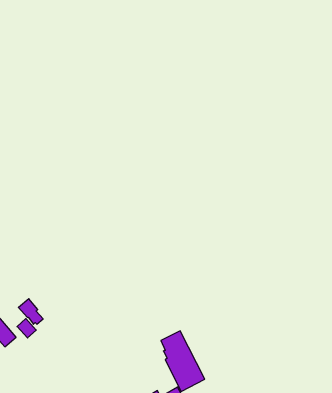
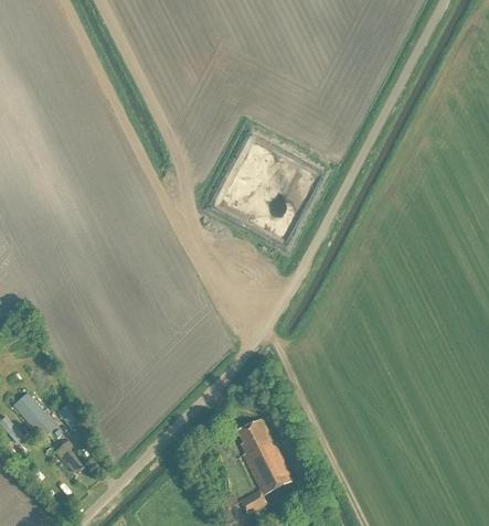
building: [18,299,43,324] -> [53,440,84,472]

